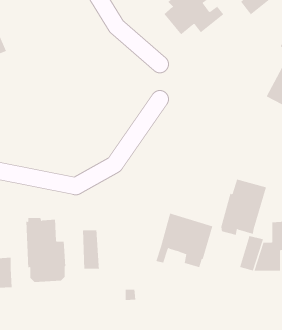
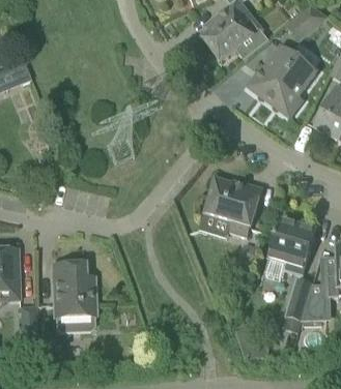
building: none -> [249,47,316,117]
building: [155,213,213,268] -> [199,177,262,237]
building: [82,229,99,269] -> none

